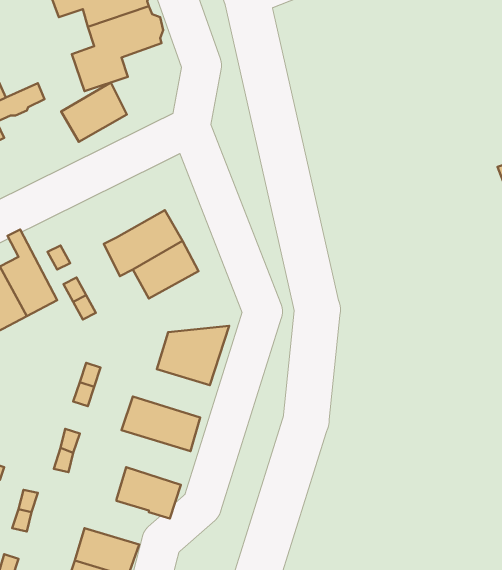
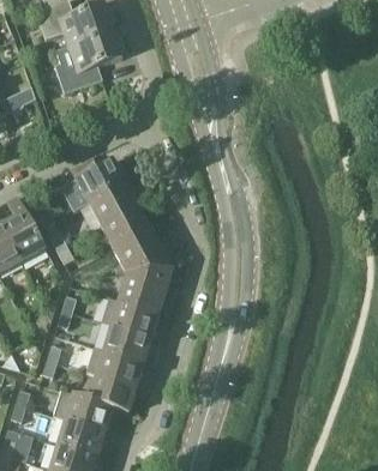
building: [61,82,127,142] -> [76,157,125,201]
building: none -> [113,227,173,272]
building: none -> [101,296,158,336]
building: none -> [85,345,144,386]
building: none -> [53,388,113,430]

